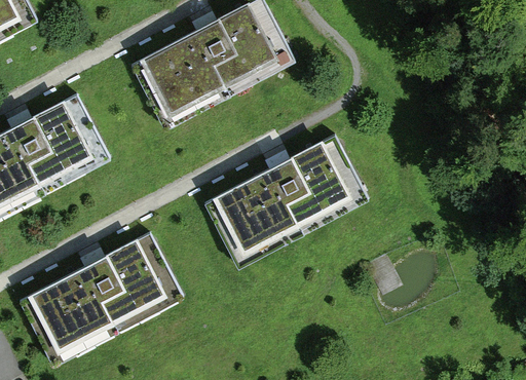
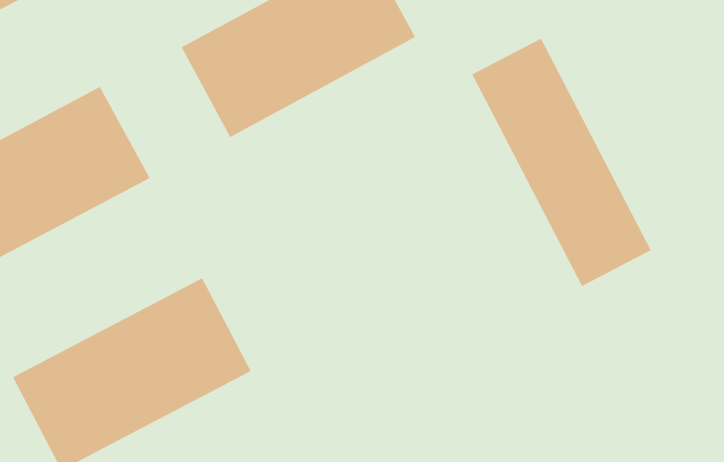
building: none -> [472,38,652,287]
building: [200,132,371,269] -> none

